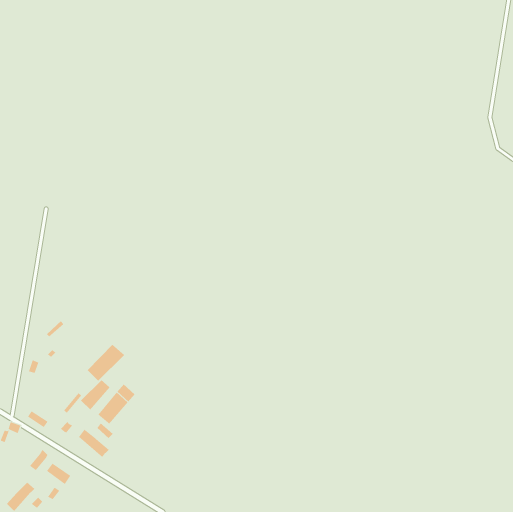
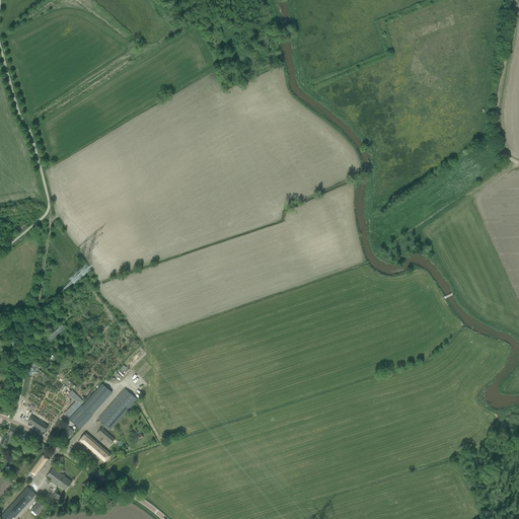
building: [87,344,125,381] -> none

